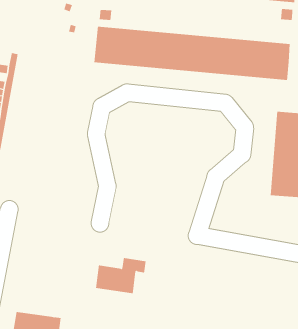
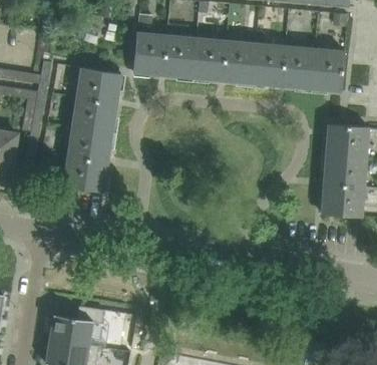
building: none -> [64,67,120,193]
building: [95,257,147,294] -> [49,306,104,345]

